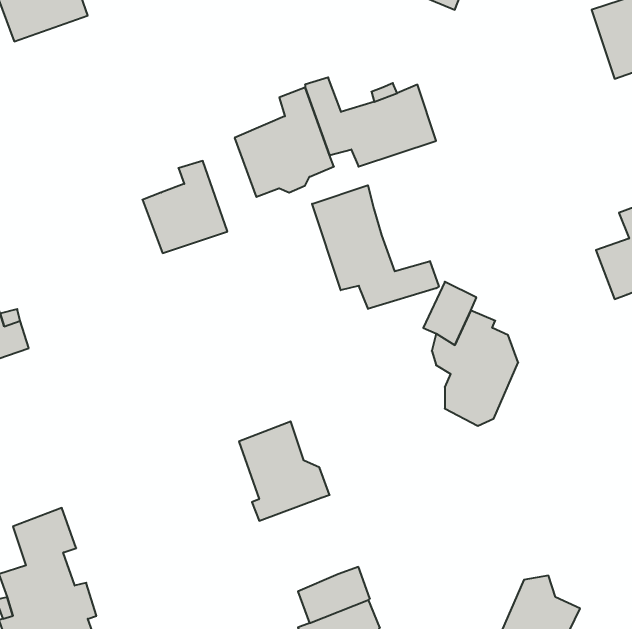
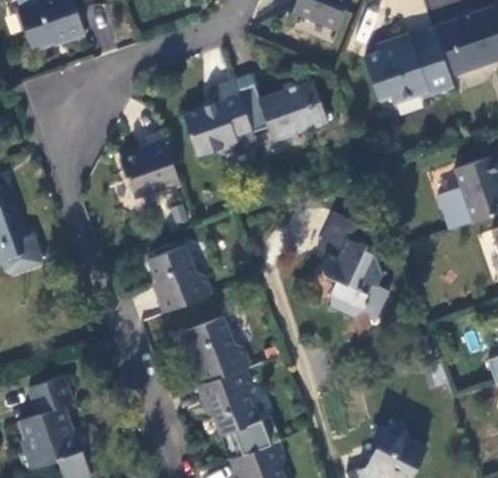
building: none -> [365,28,454,105]
building: [312,185,439,309] -> none
building: none -> [145,246,217,312]
building: none -> [196,369,257,438]

